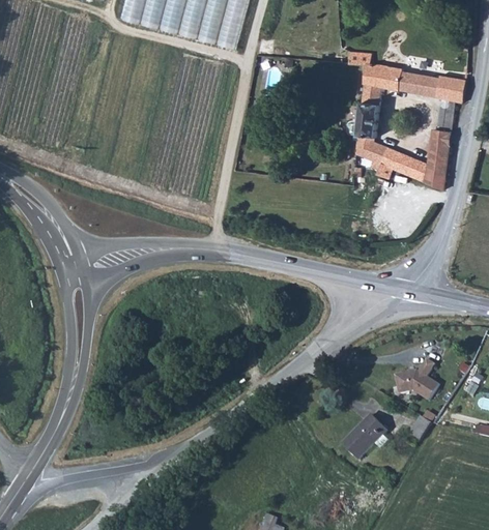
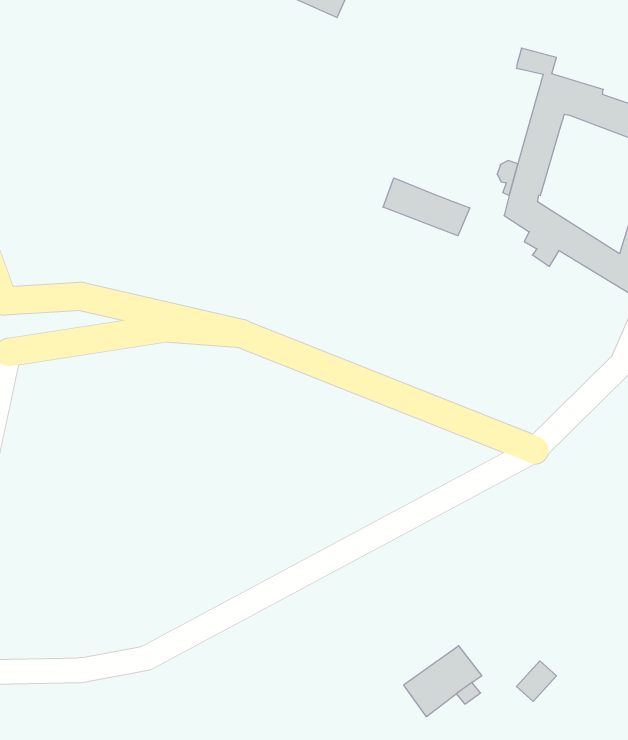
building: none -> [383,178,470,236]
building: [394,357,438,400] -> none

